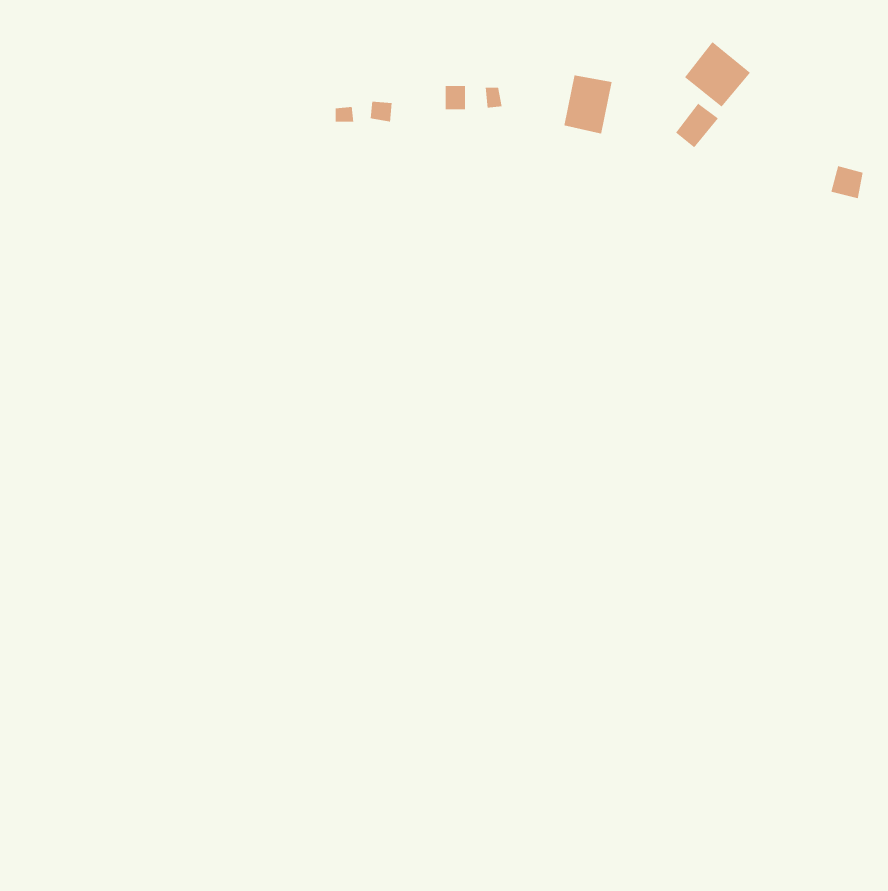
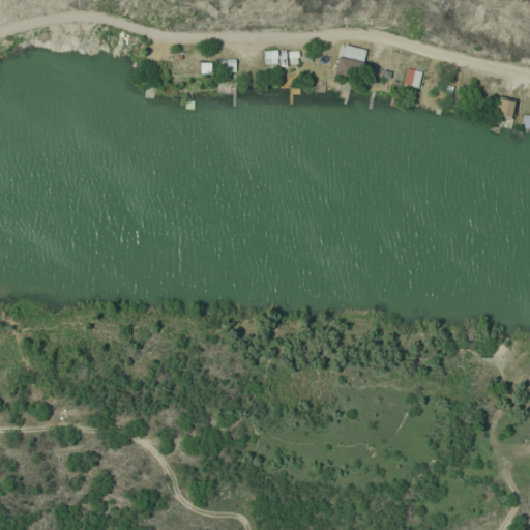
building: [684,41,751,107] -> none

